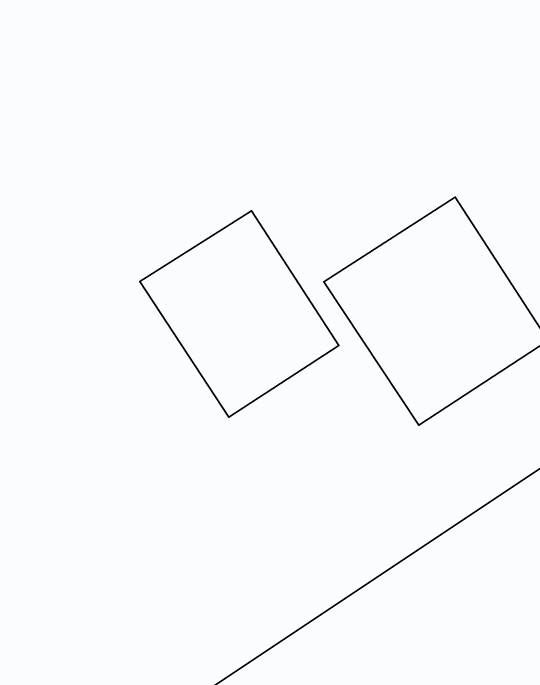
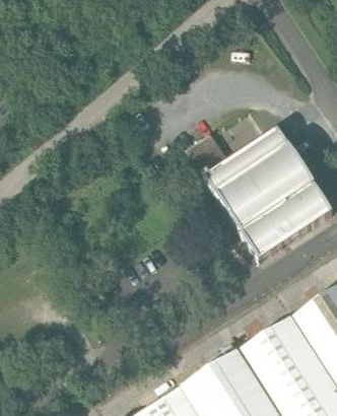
building: [140,211,339,417] -> none

